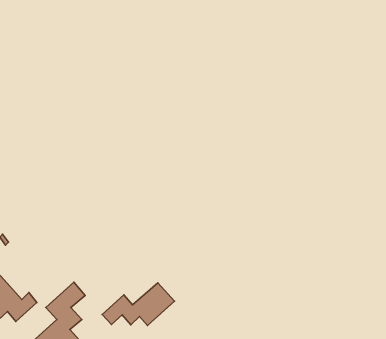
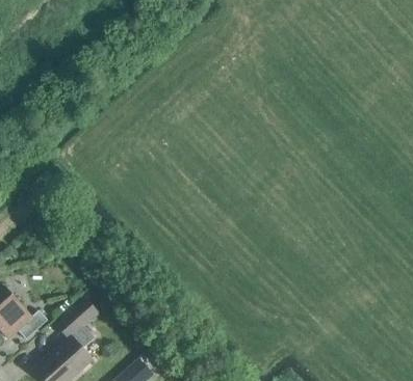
building: [102,283,175,325] -> none

